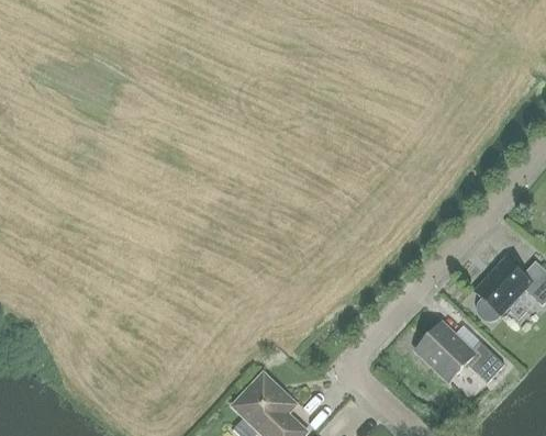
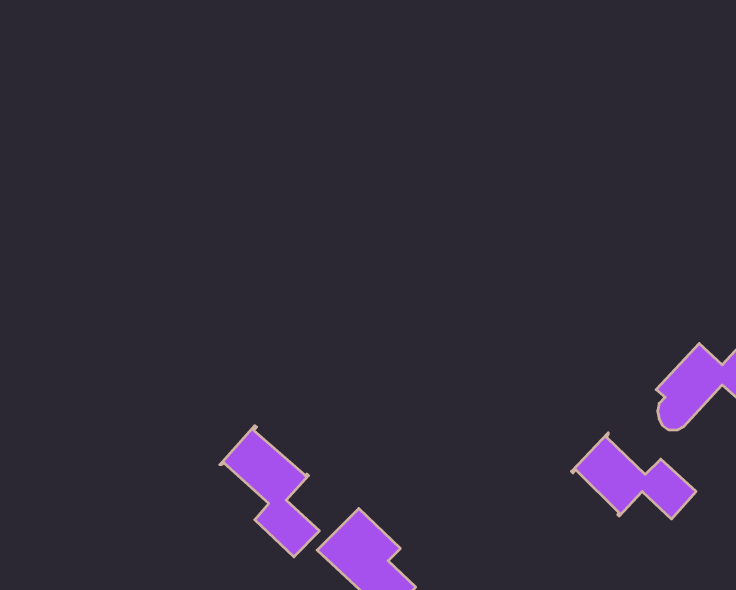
building: none -> [220,426,319,557]

